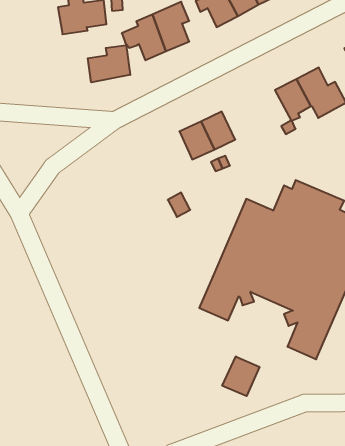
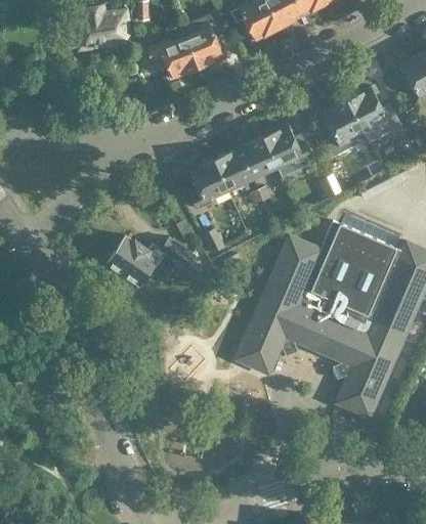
building: [88,45,130,82] -> none
building: none -> [261,123,311,176]
building: none -> [190,159,227,207]
building: none -> [106,234,195,292]
building: [222,356,259,396] -> none

